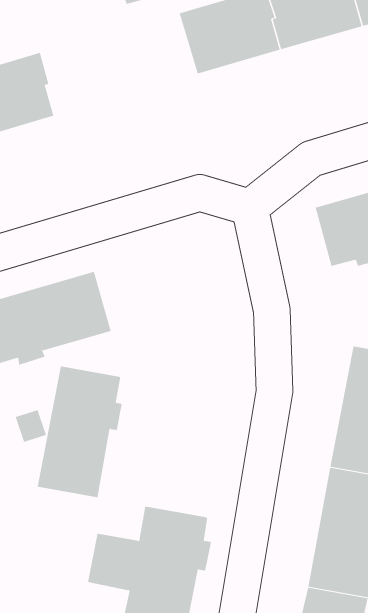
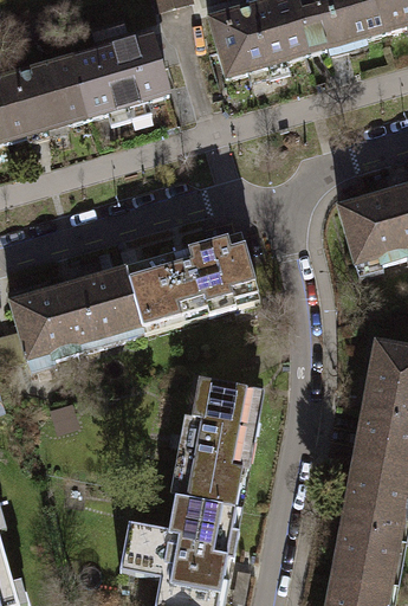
building: none -> [75,33,169,116]
building: none -> [125,232,258,324]
building: [37,366,122,498] -> [176,376,259,504]

